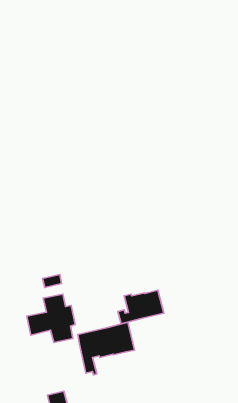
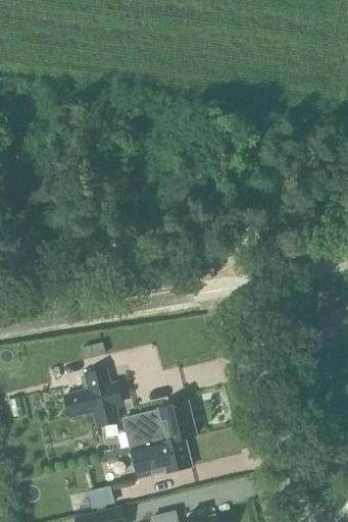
building: [118,290,164,324] -> [135,438,192,480]

